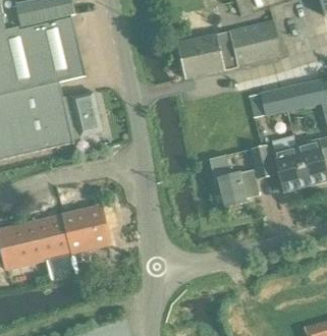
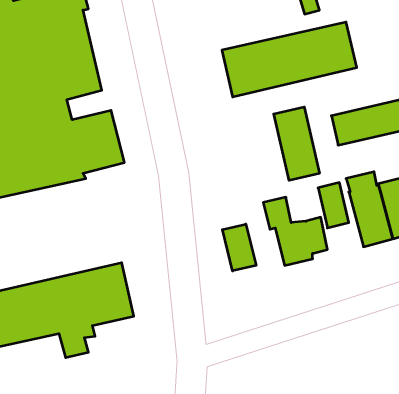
building: none -> [274,107,319,180]
building: none -> [222,224,256,271]

